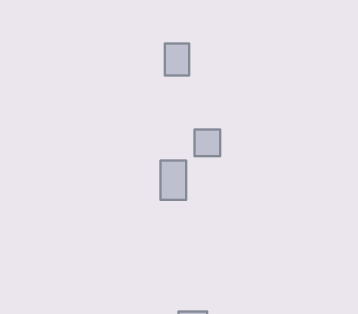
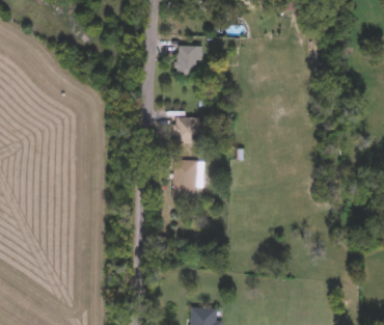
building: [195,129,220,156] -> [173,118,198,144]

